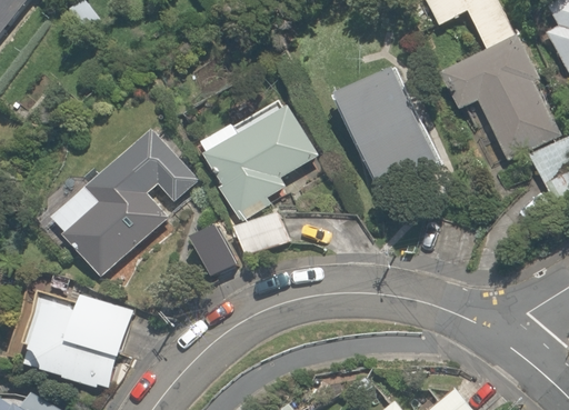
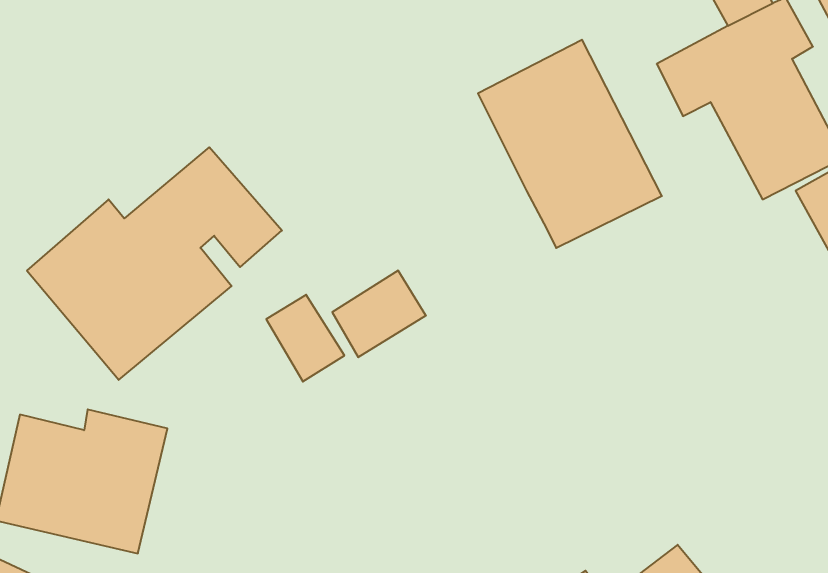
building: [194,80,319,221] -> none

